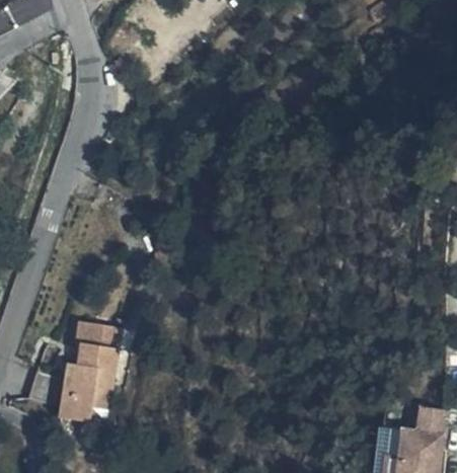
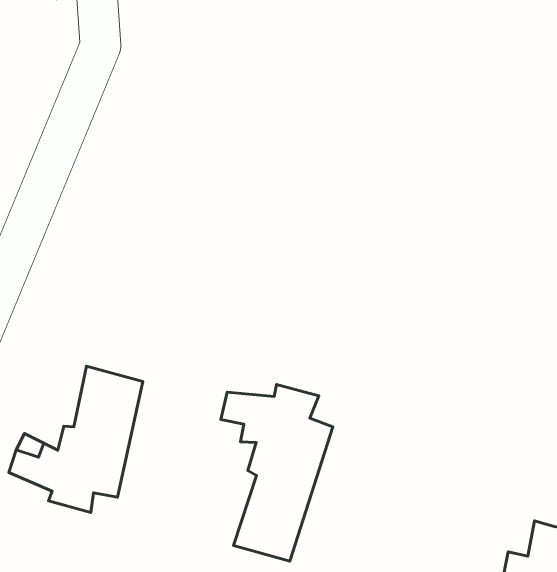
building: none -> [221,384,333,561]

